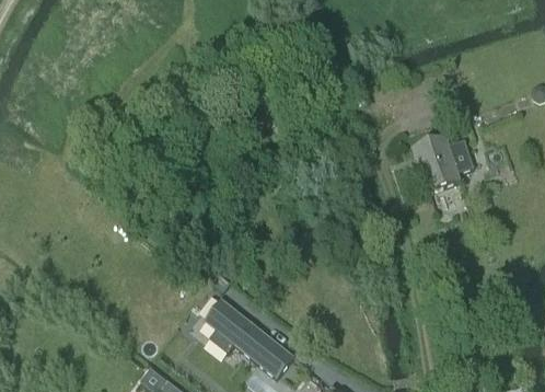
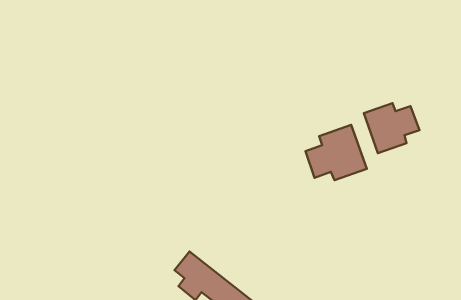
building: none -> [306,125,367,180]

